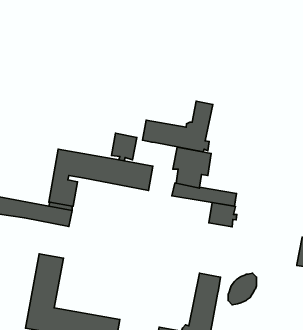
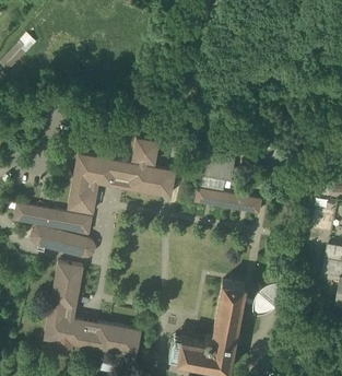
building: [142,101,213,152] -> none
building: [209,203,237,227] -> none
building: none -> [31,225,95,257]

